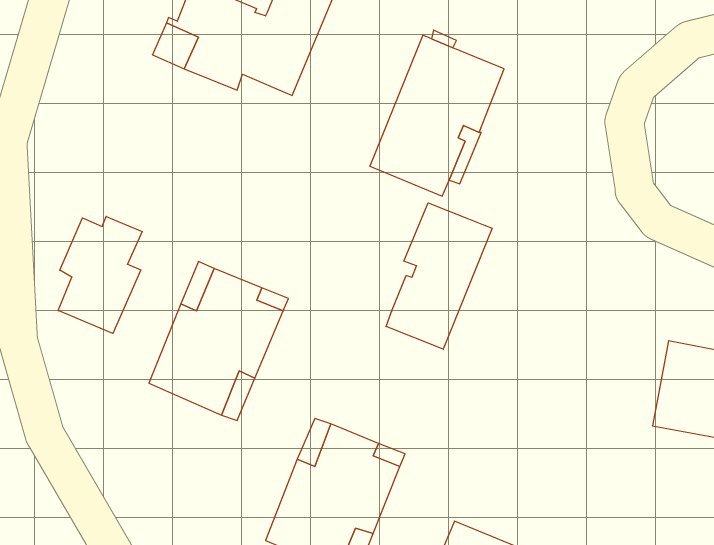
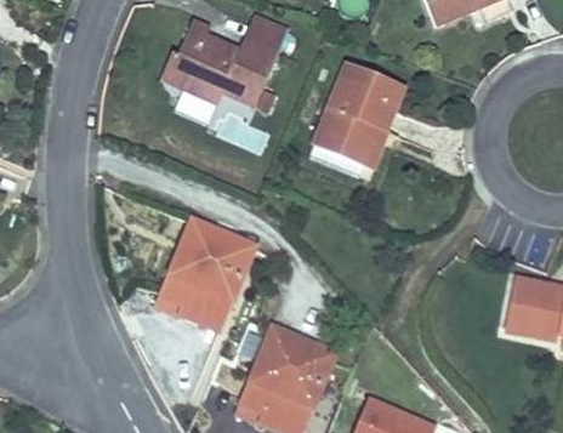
building: [386,203,492,349] -> none
building: [58,216,142,333] -> none

